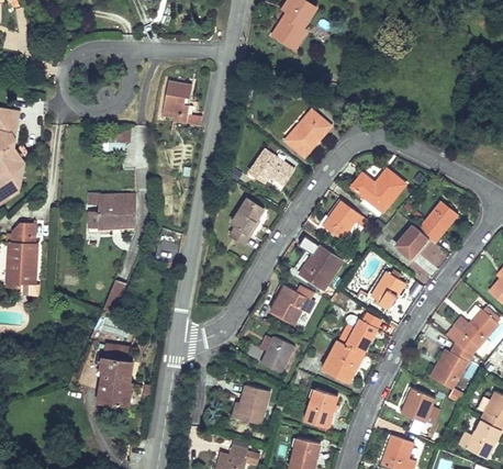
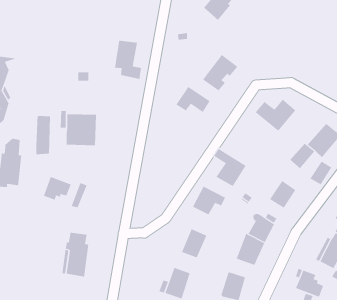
building: none -> [36,115,50,155]
building: [232,198,262,245] -> none
building: [320,199,357,238] -> none
building: none -> [43,176,71,201]

